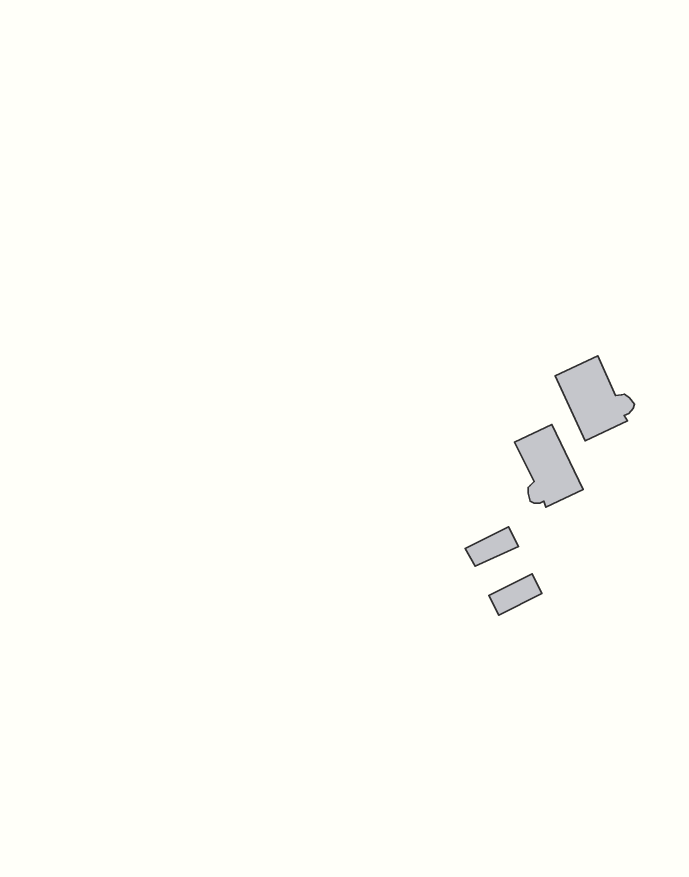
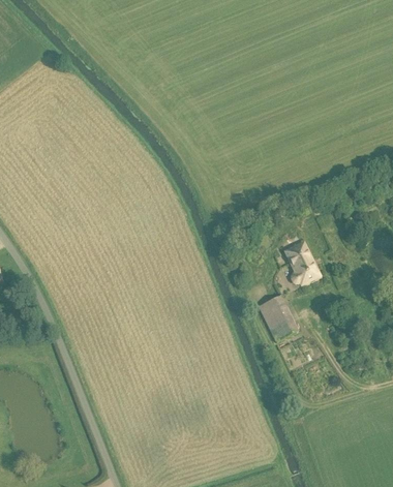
building: [555,356,635,441] -> none

